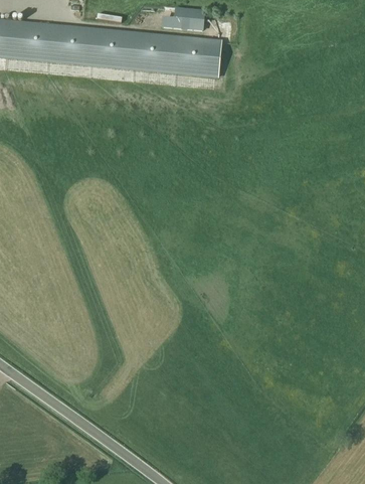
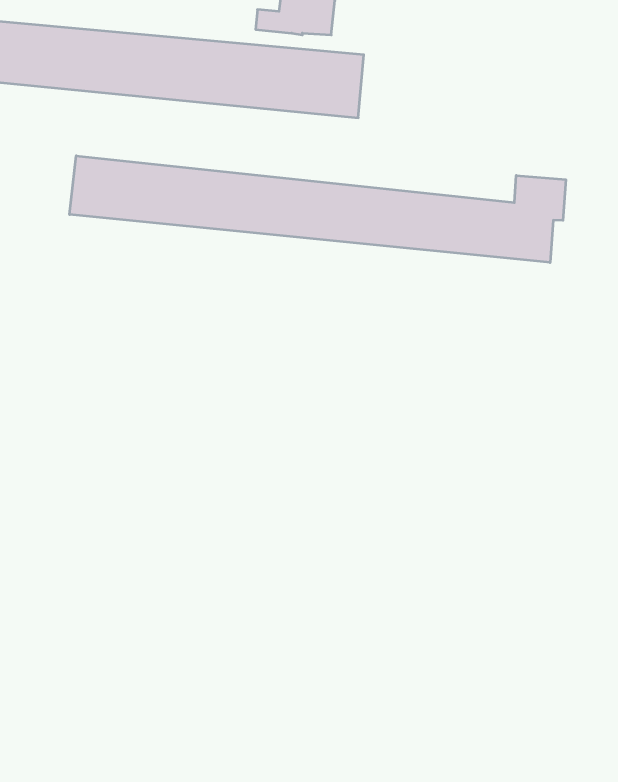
building: none -> [70,156,566,263]

